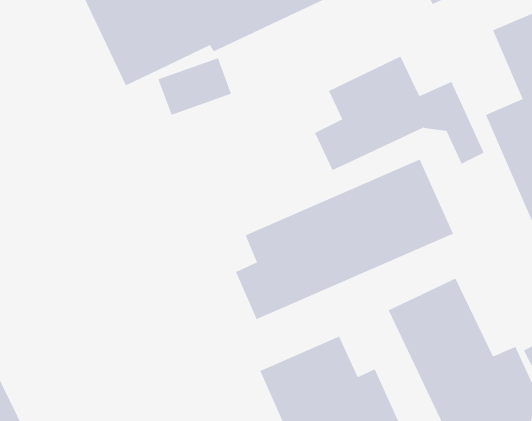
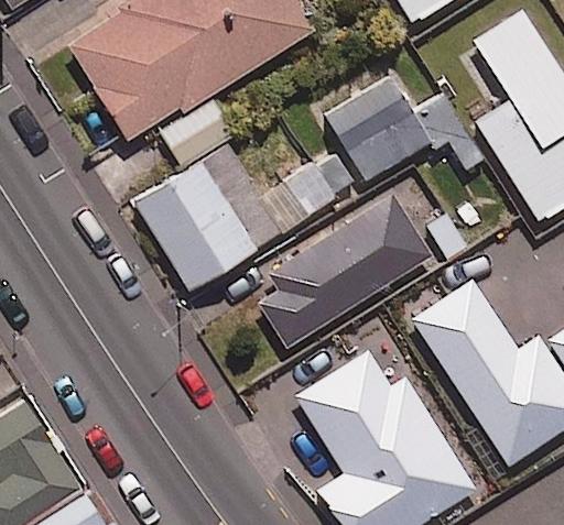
building: none -> [134,143,339,291]

